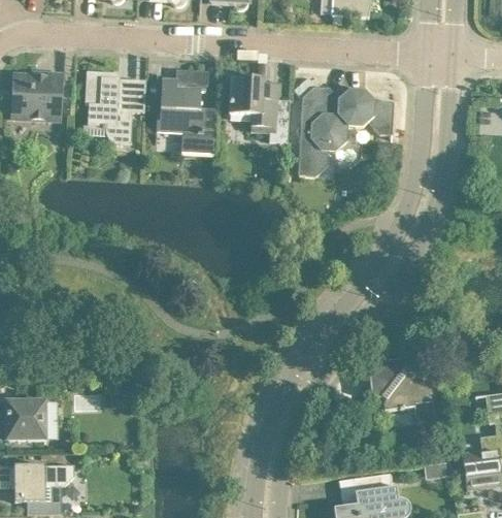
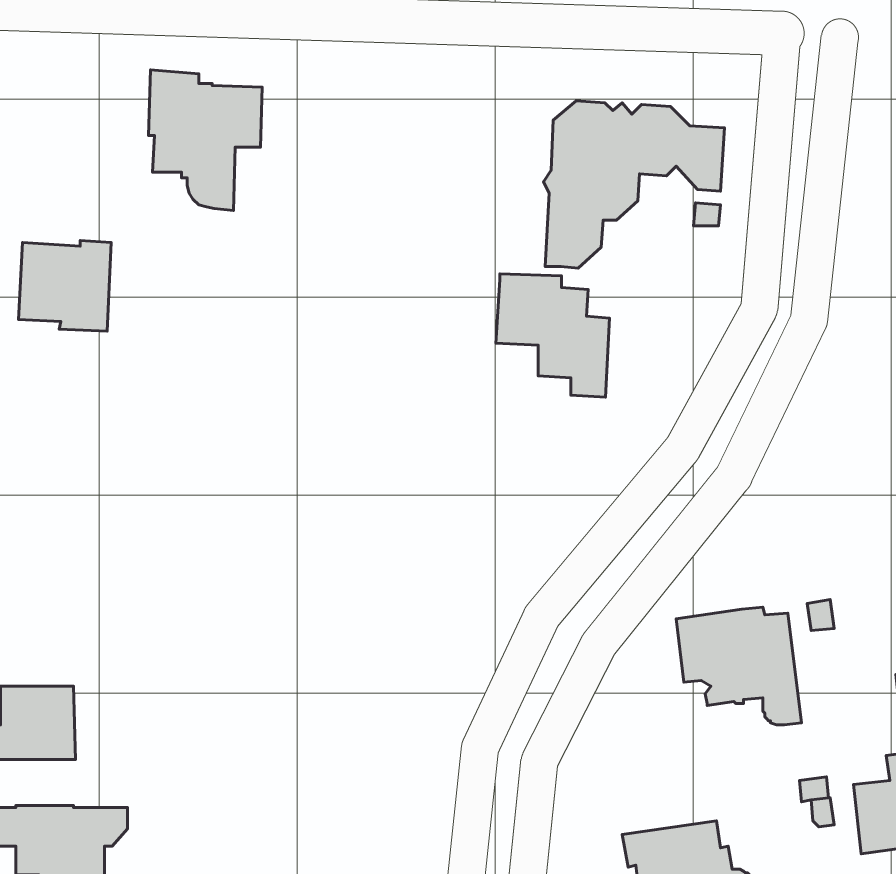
building: [159,71,216,152] -> none
building: [11,72,61,121] -> [19,241,111,331]
building: [228,76,289,142] -> [496,274,609,397]

